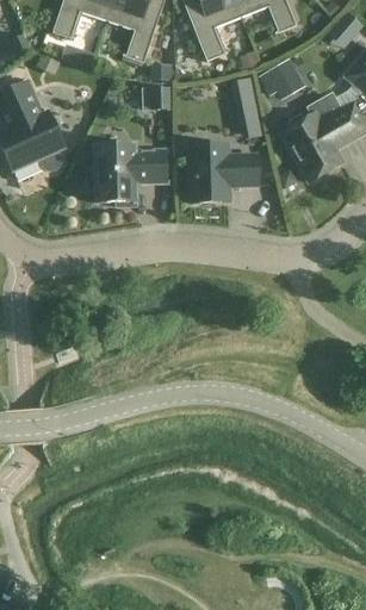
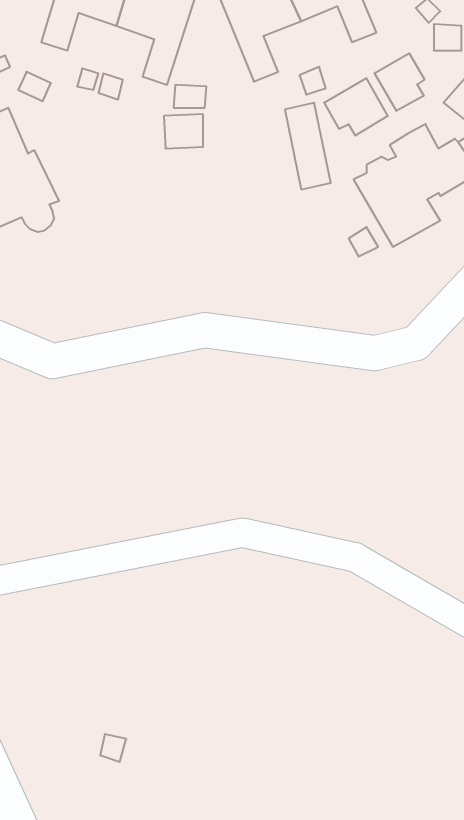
building: none -> [374,53,424,111]
building: [88,144,167,206] -> none
building: [190,144,259,201] -> none

